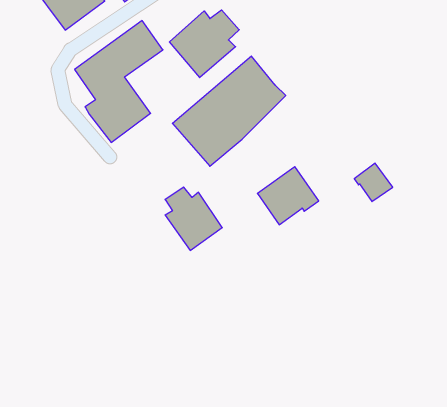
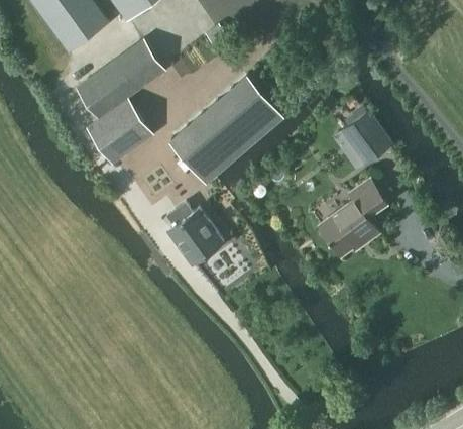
building: [169,10,239,78] -> none
building: none -> [339,110,390,164]
building: [257,167,319,225] -> [317,200,376,256]

